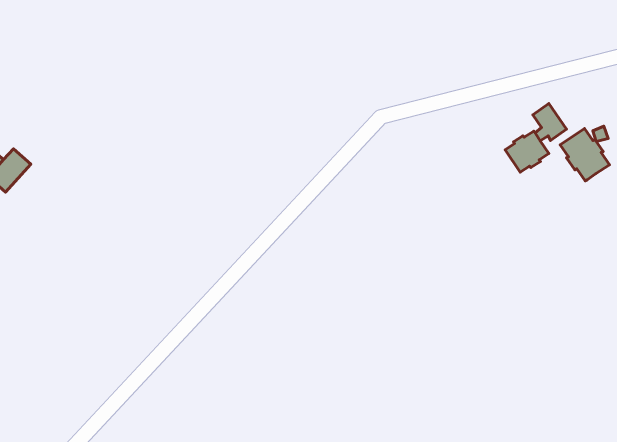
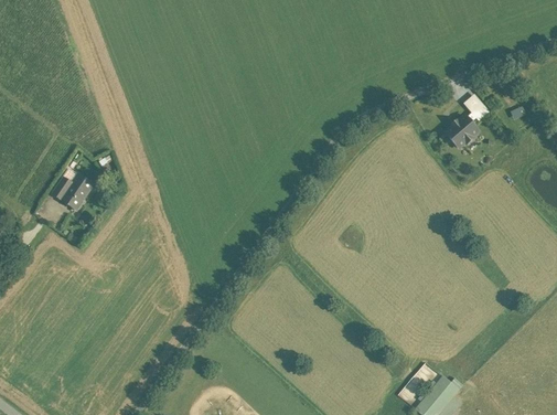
building: [560,129,609,181] -> none

